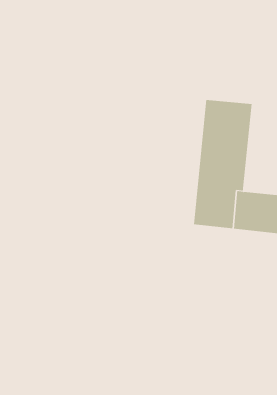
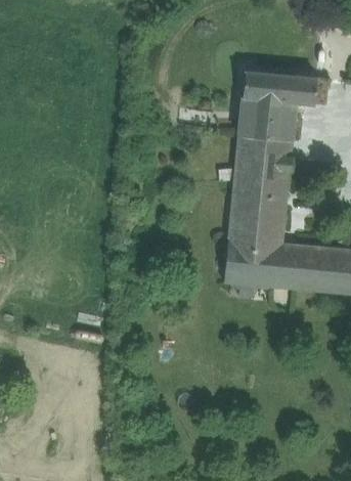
building: none -> [238,71,316,141]

